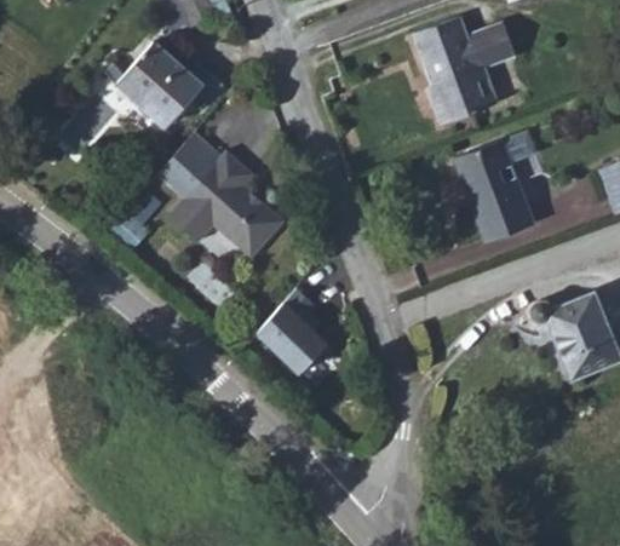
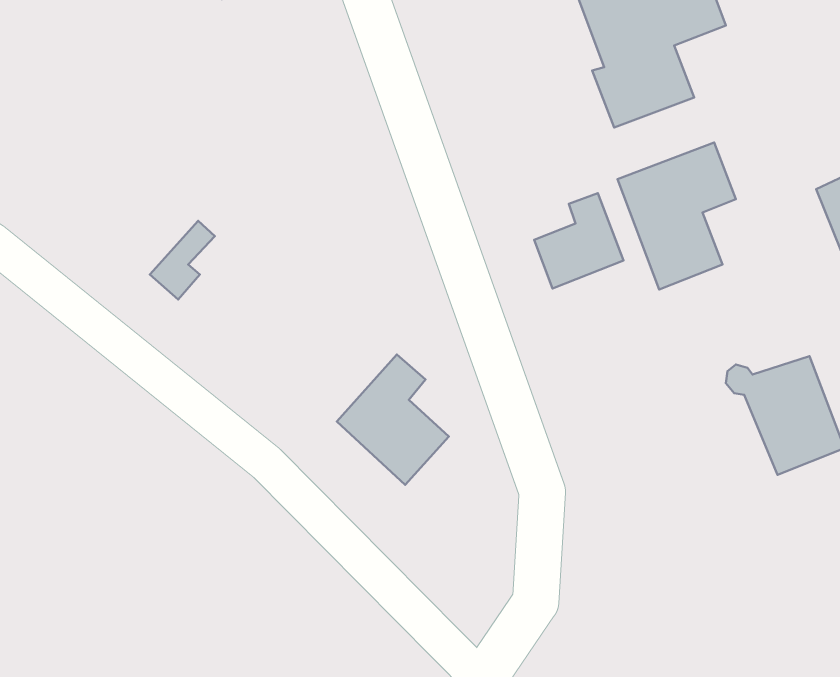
building: [119,39,202,121] -> none
building: [148,139,266,264] -> none
building: none -> [534,193,623,289]

